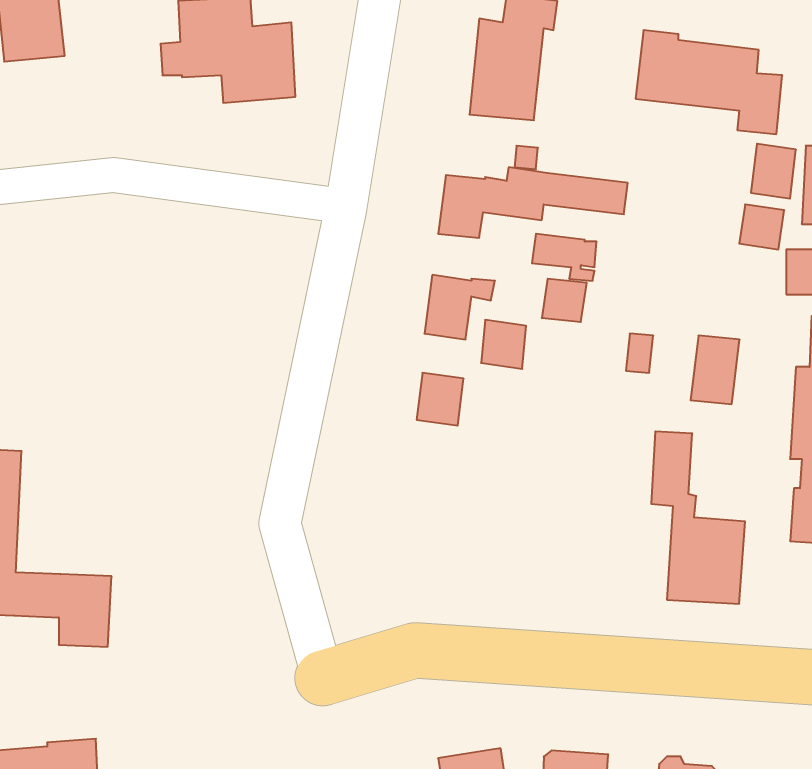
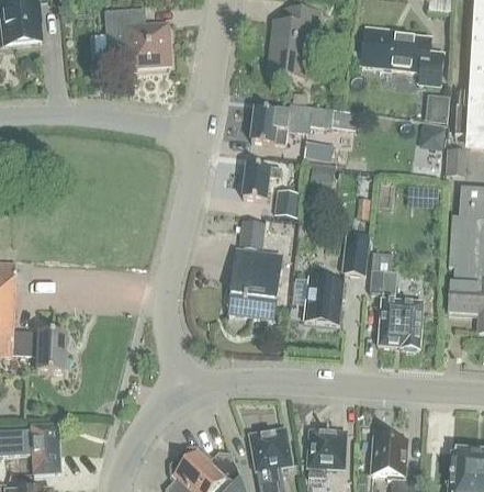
building: [691,336,740,404] -> [341,236,369,275]
building: none -> [227,253,281,320]
building: none -> [304,277,344,324]

